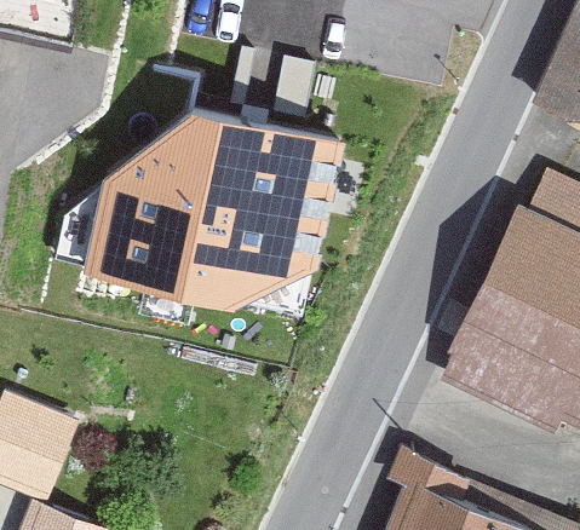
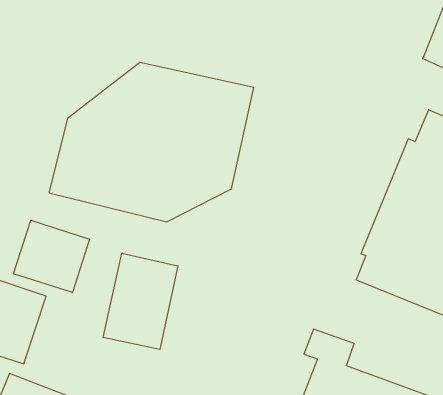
building: none -> [13,220,89,293]
building: none -> [103,253,178,349]

